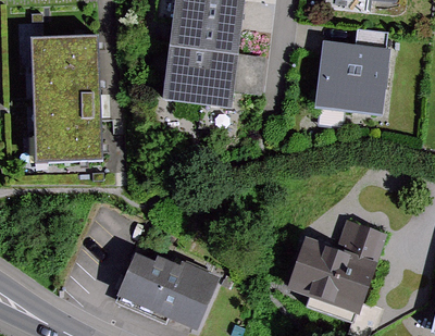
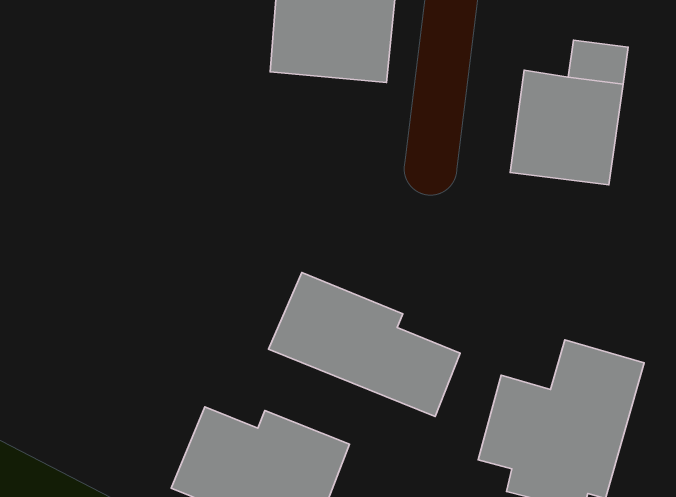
building: [34,41,98,162] -> none
building: [163,46,243,107] -> none
building: none -> [268,272,460,417]

